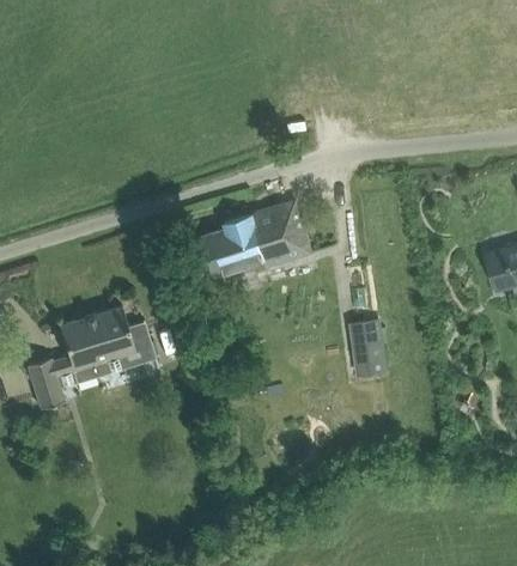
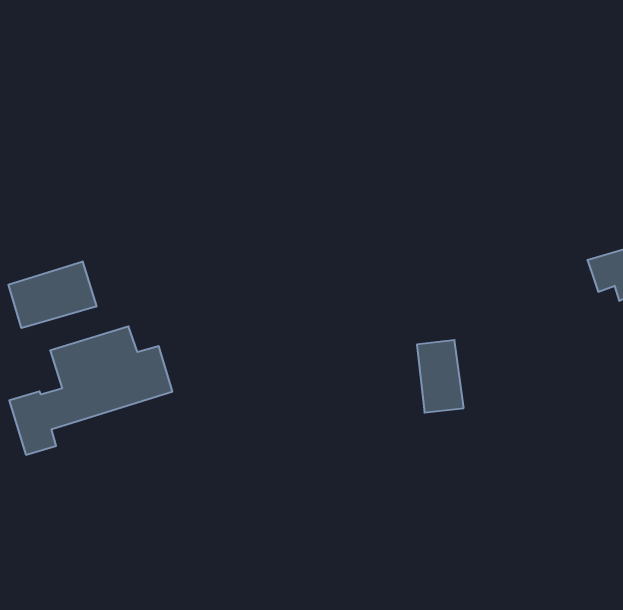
building: [202,209,310,276] -> none
building: none -> [8,261,96,328]

